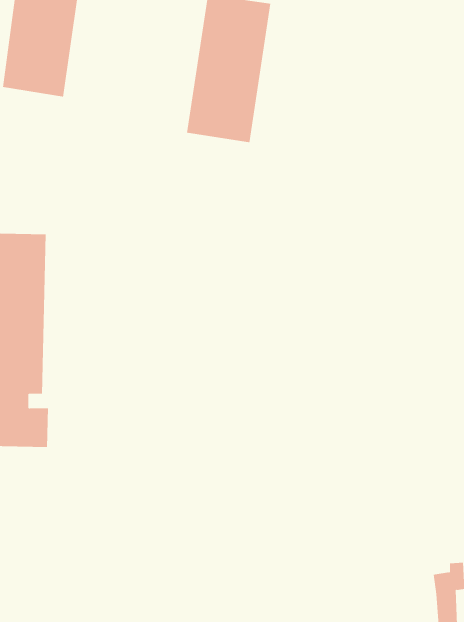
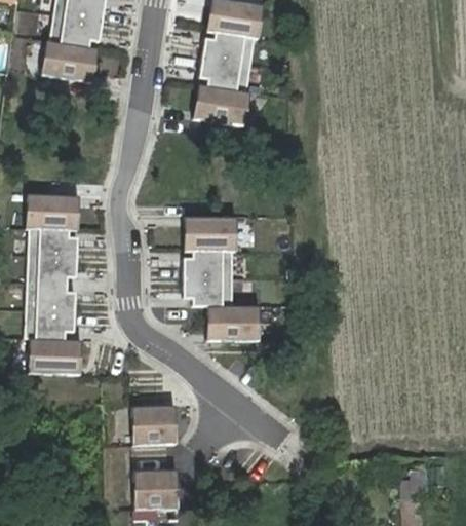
building: none -> [182,217,259,341]
building: none -> [128,402,176,446]
building: none -> [131,469,179,515]

